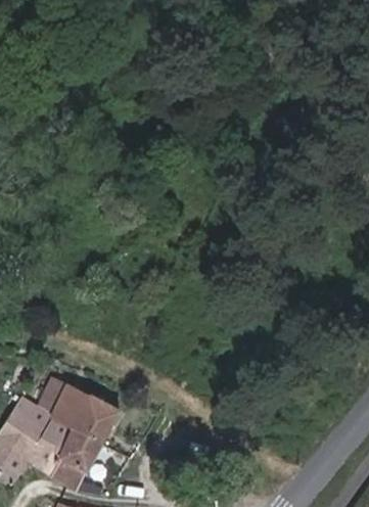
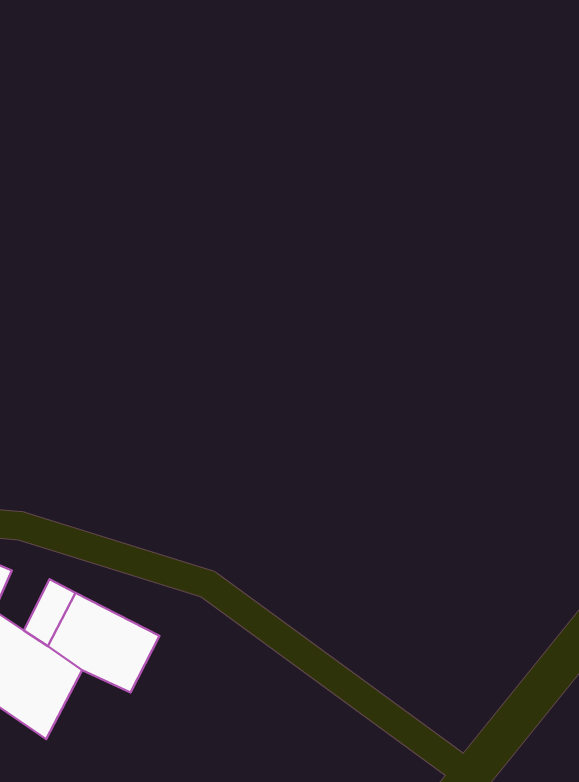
building: [50,433,100,492] -> none

